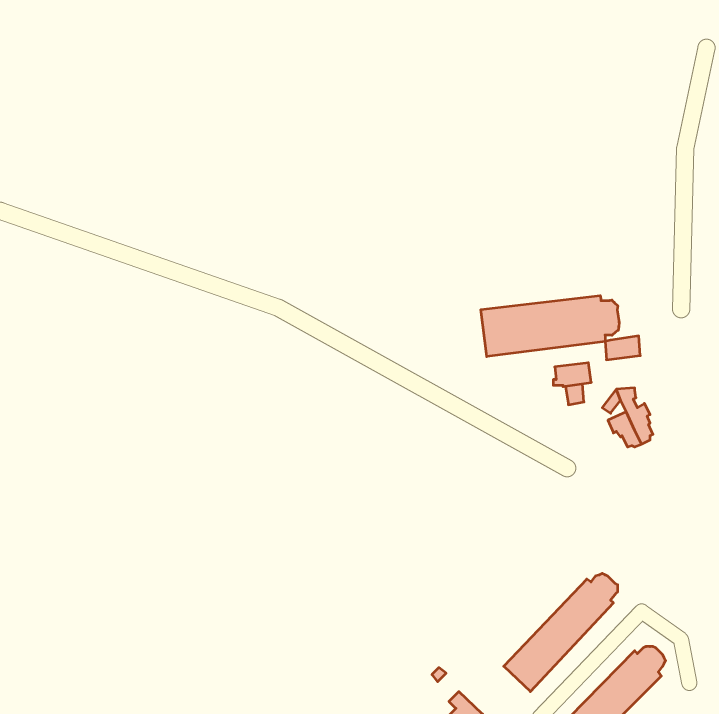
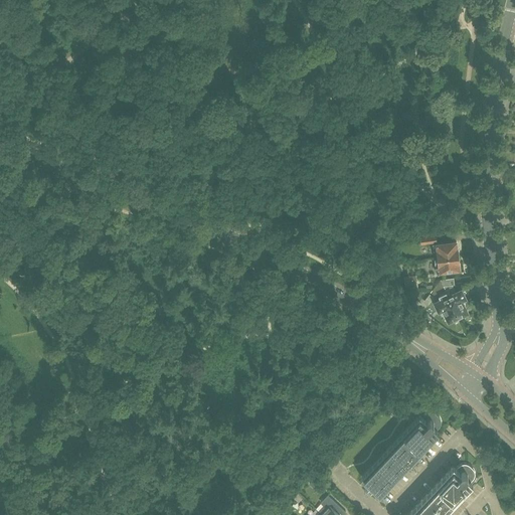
building: [481,296,619,357] -> none
building: [553,363,591,387] -> [433,258,460,275]

